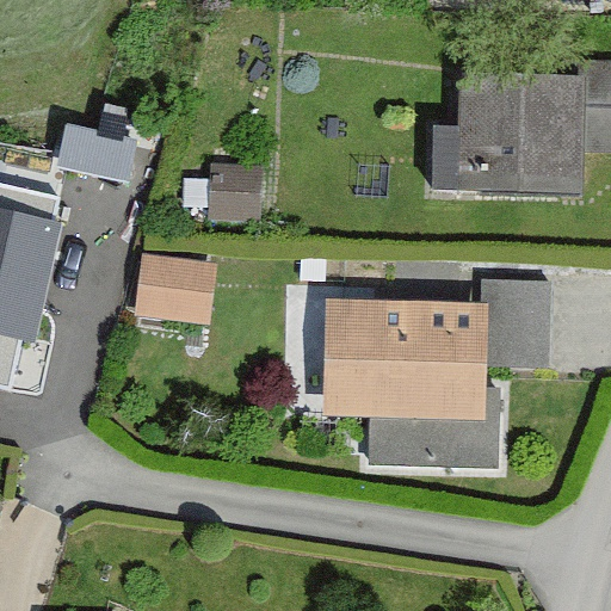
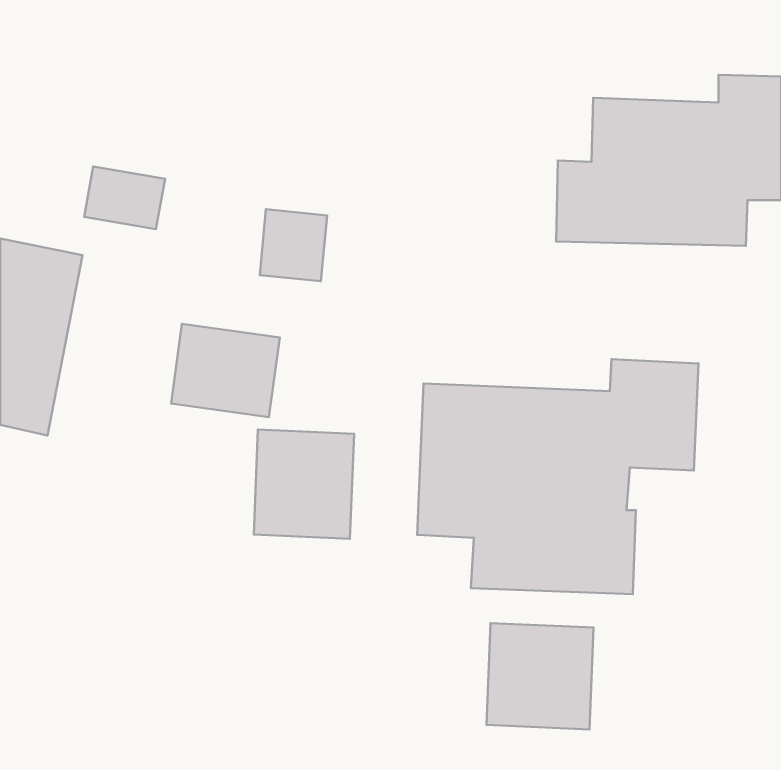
building: none -> [254,429,354,539]
building: none -> [487,623,594,729]

